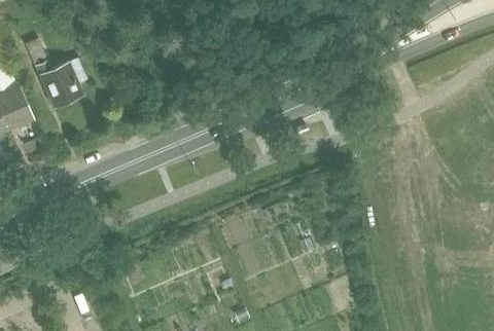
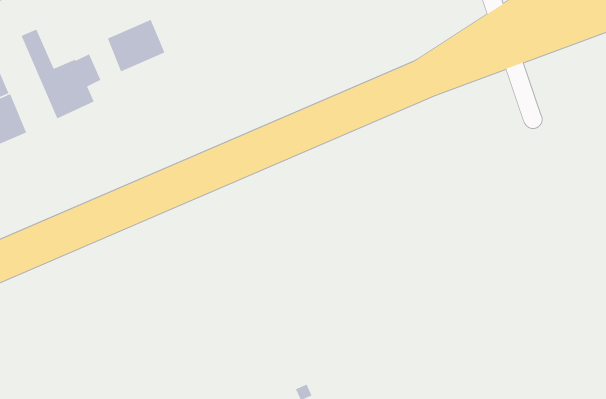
building: none -> [107,19,166,72]

